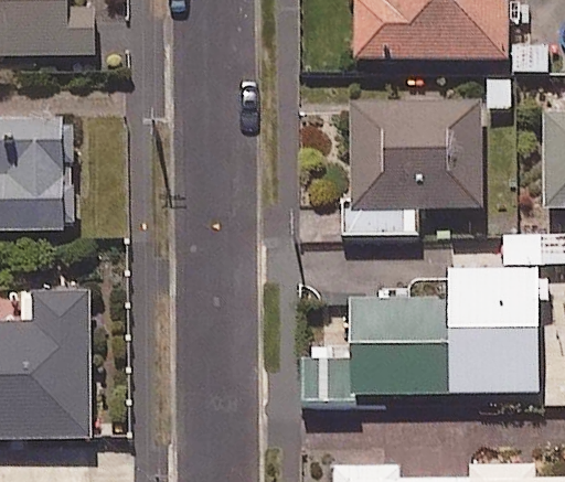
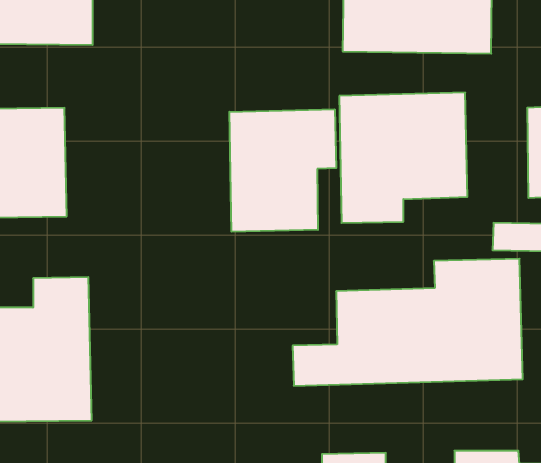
building: none -> [229,109,336,232]

